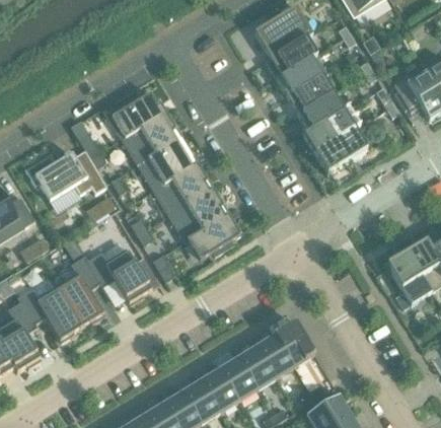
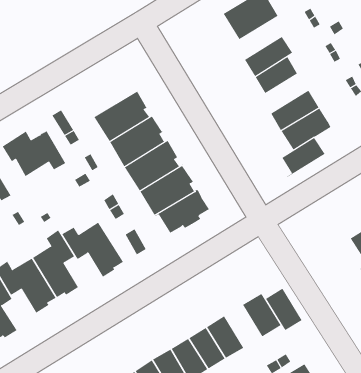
building: [265,32,315,78] -> none
building: [108,91,165,138] -> none
building: [297,92,343,134] -> [281,137,325,177]
building: [255,333,294,377] -> [265,288,302,331]

